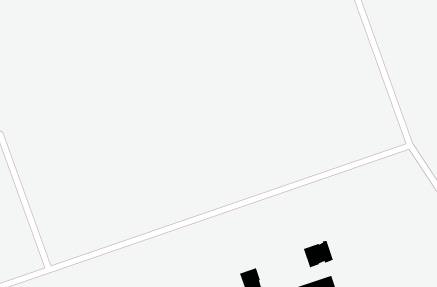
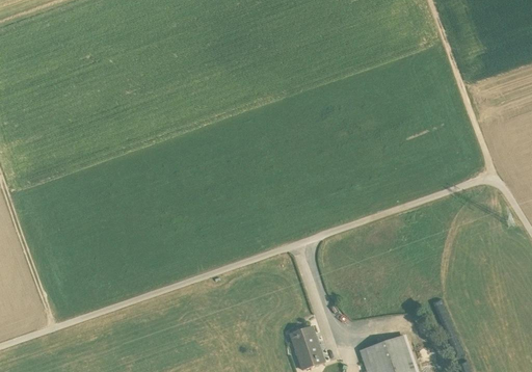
building: [303,240,334,268] -> none

